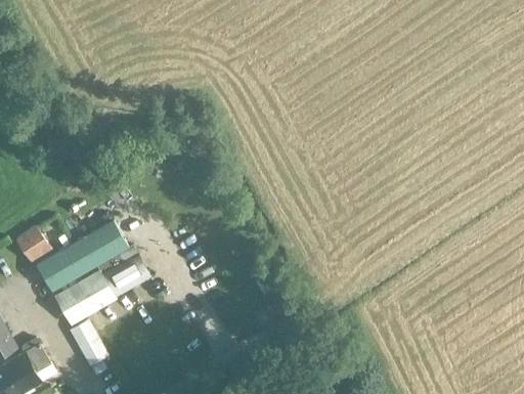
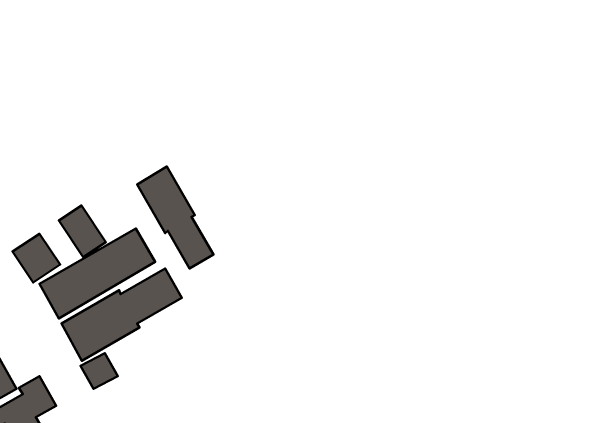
building: none -> [137,167,213,269]
building: none -> [59,205,106,257]

